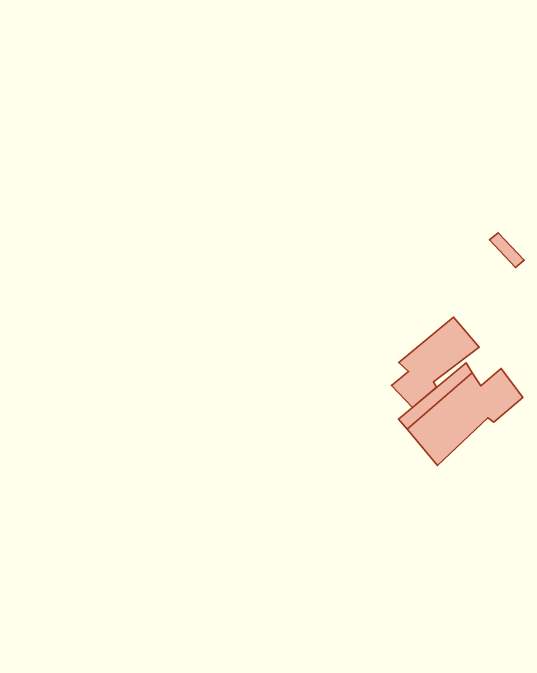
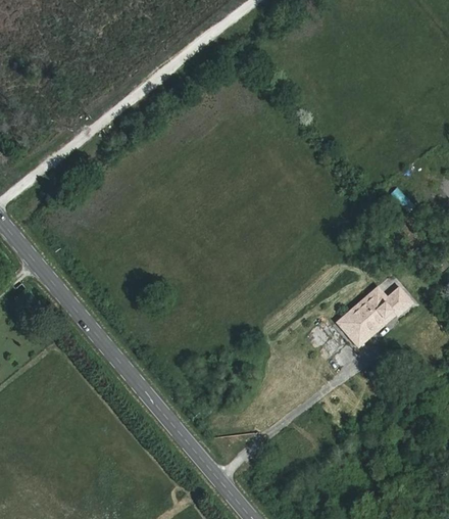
building: [392,317,479,407] -> none

